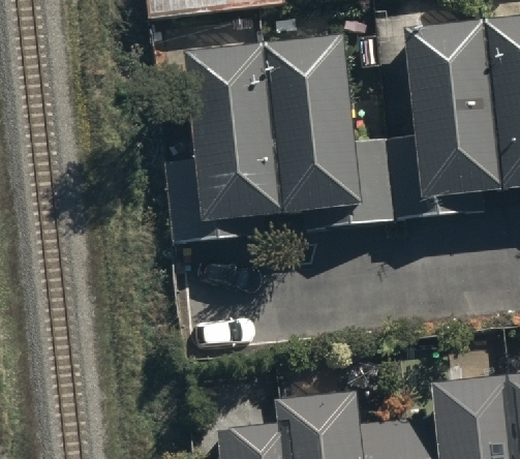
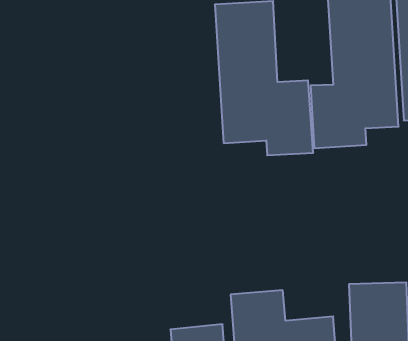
building: [171,50,275,244] -> none

